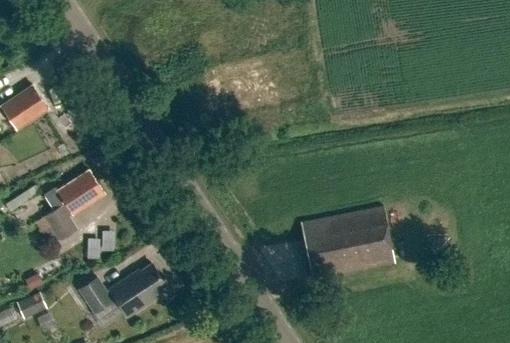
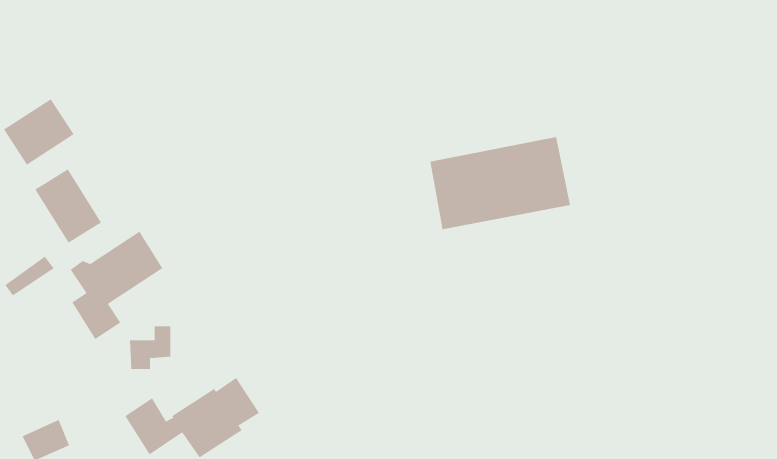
building: none -> [35,169,102,243]
building: [301,217,392,277] -> [429,137,571,230]

